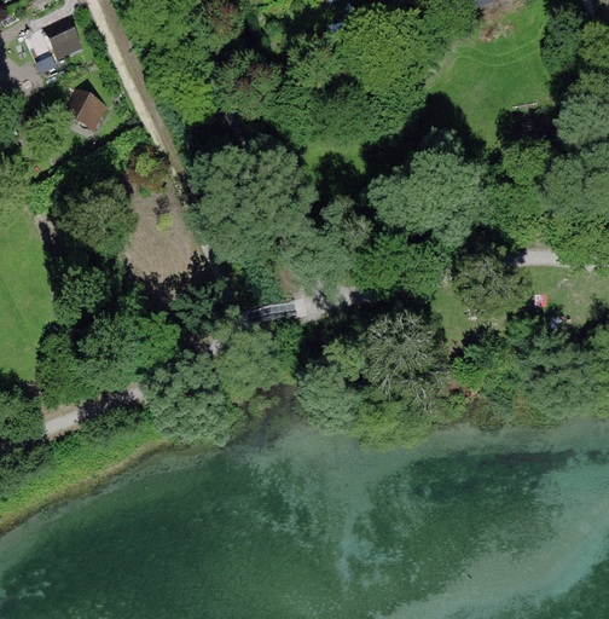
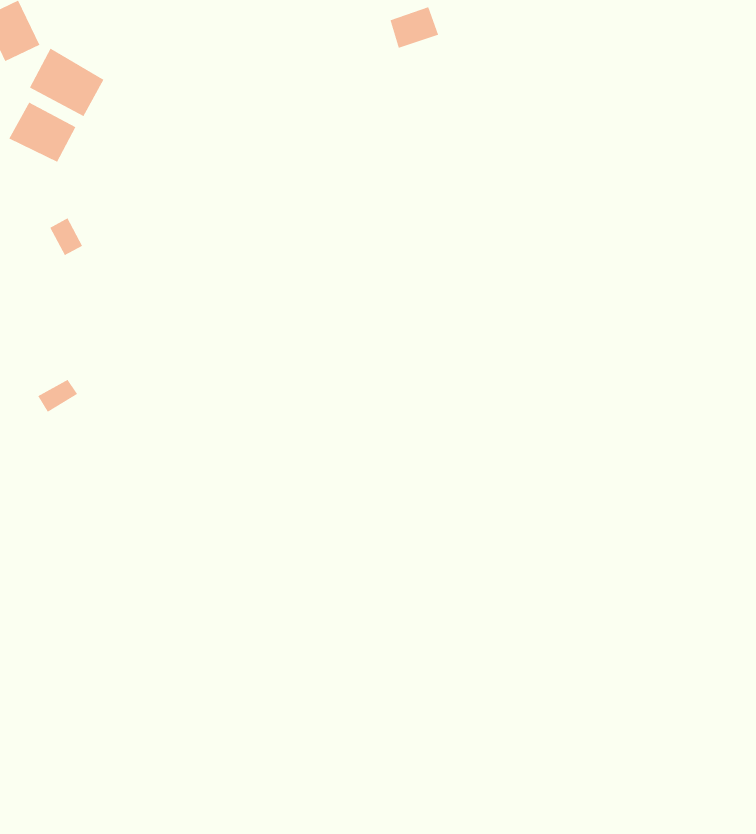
building: none -> [29,48,105,117]

